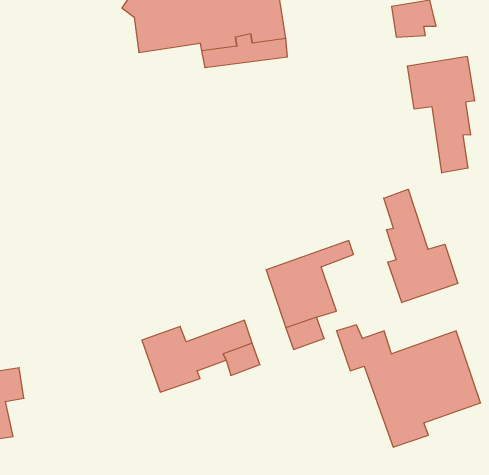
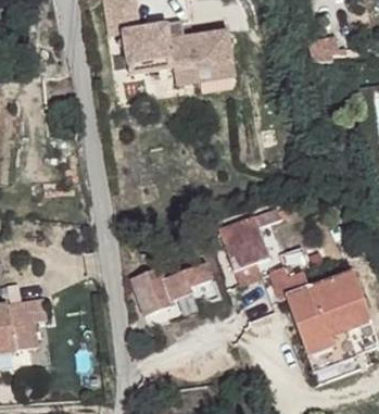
building: [407,56,475,173] -> none
building: [384,189,458,303] -> none

